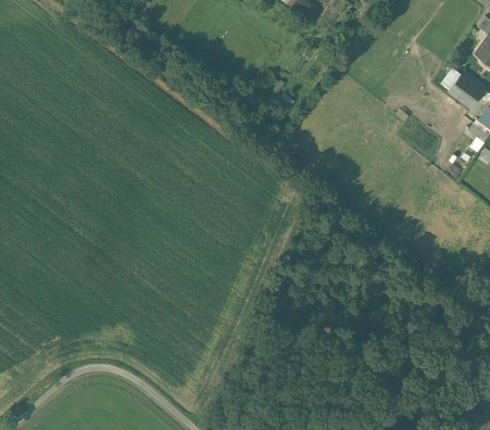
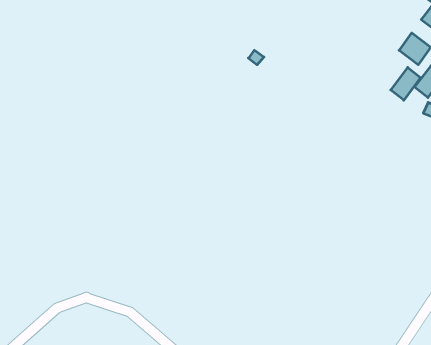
building: none -> [391,67,421,100]

